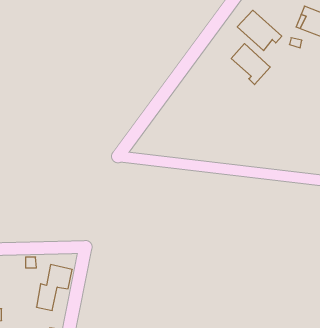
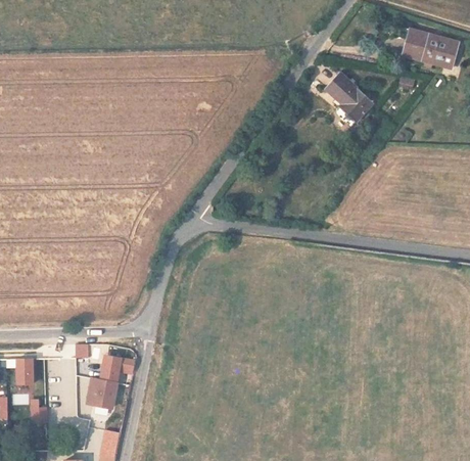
building: [237,10,282,51] -> none

